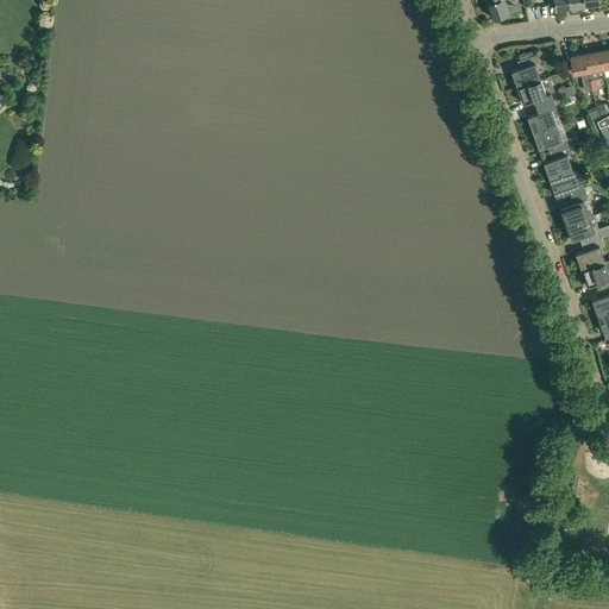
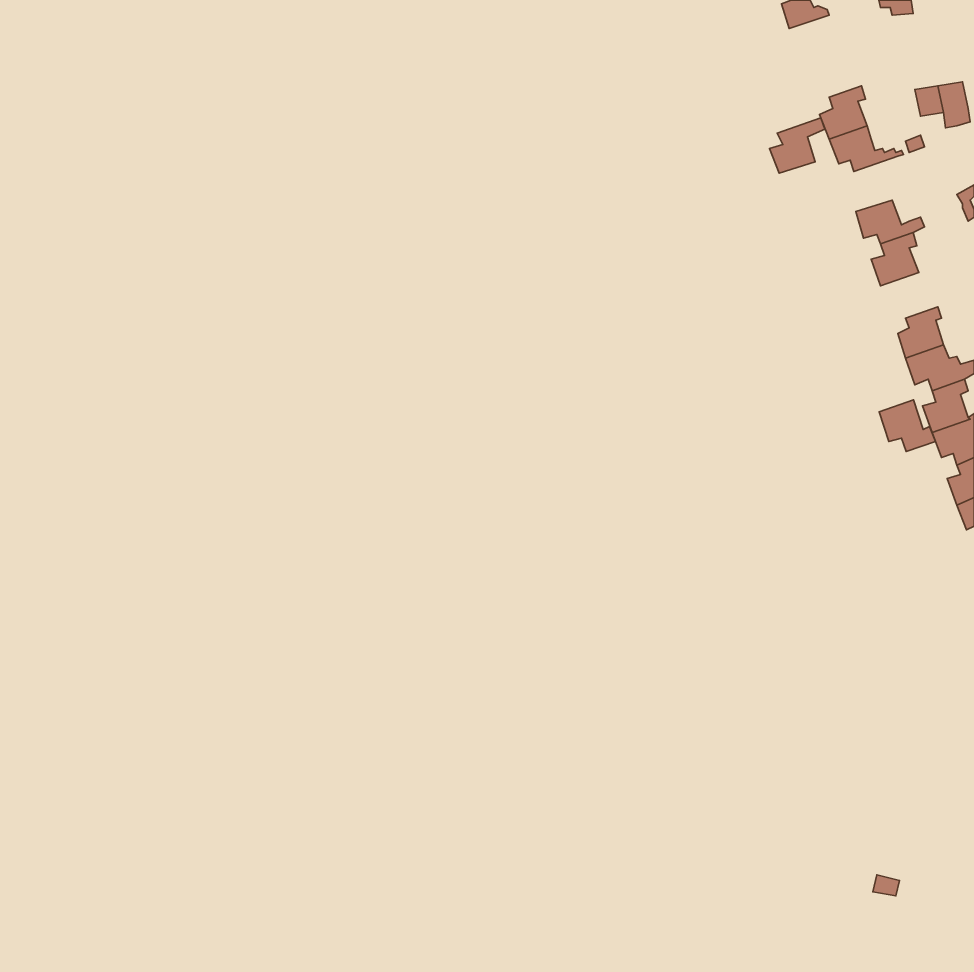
building: [528,99,563,133] -> [770,118,825,173]
building: [550,171,592,200] -> none
building: none -> [879,400,935,452]

